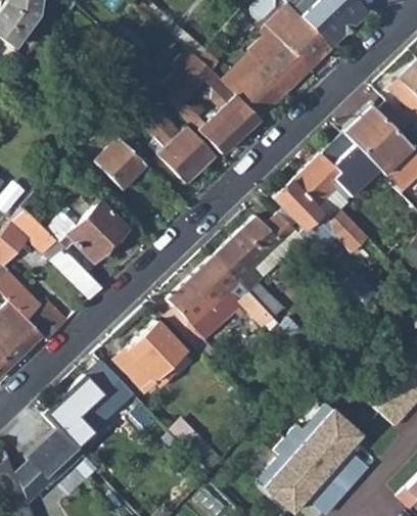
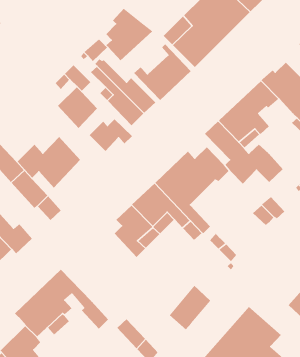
building: none -> [89,119,133,152]
building: [115,321,184,388] -> none
building: none -> [169,285,211,330]

